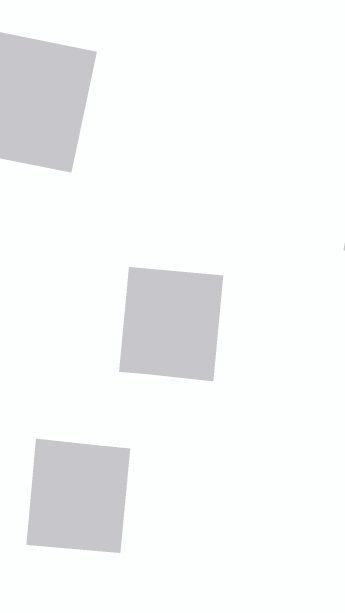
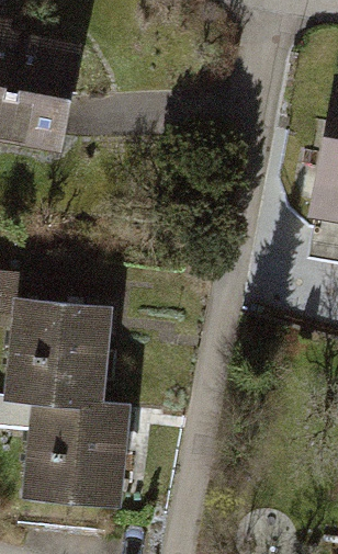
building: [118,267,224,382] -> [13,299,108,403]

